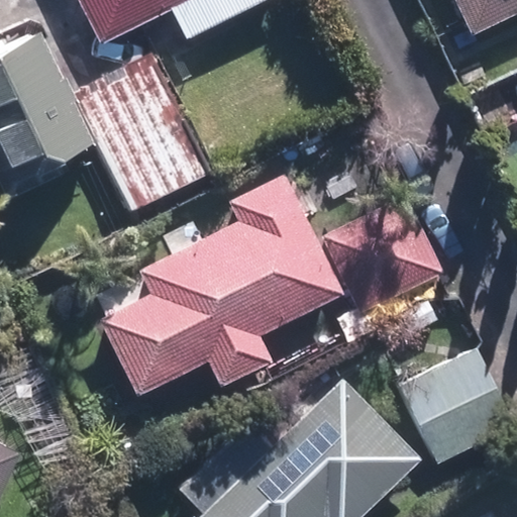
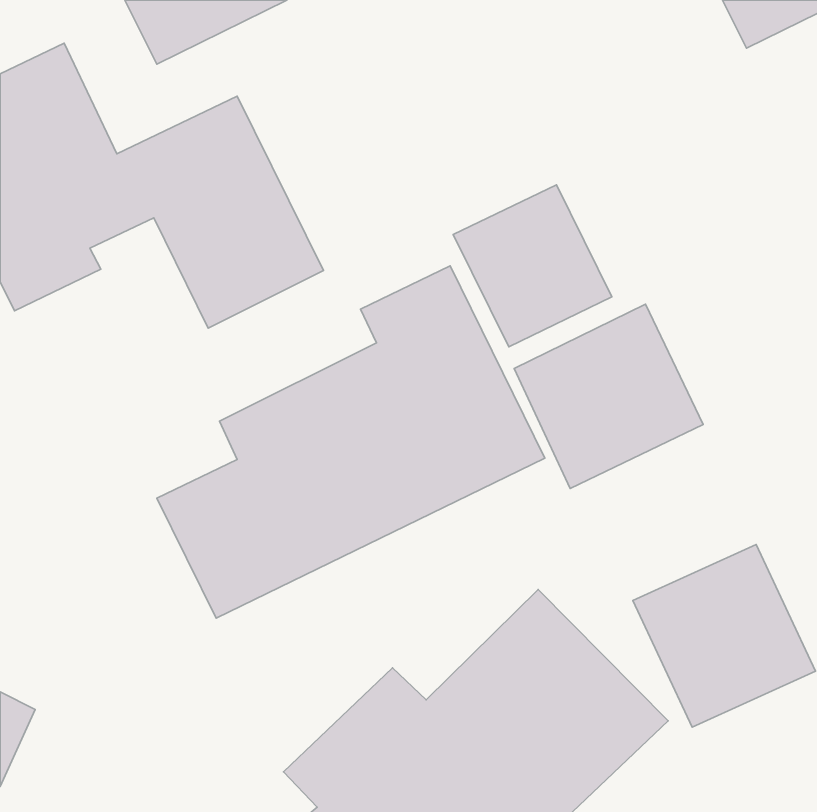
building: none -> [453,185,612,347]

